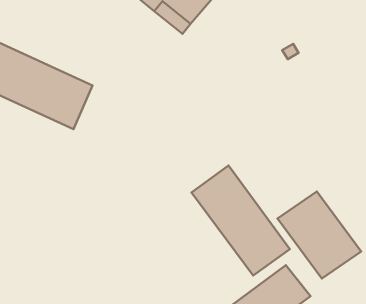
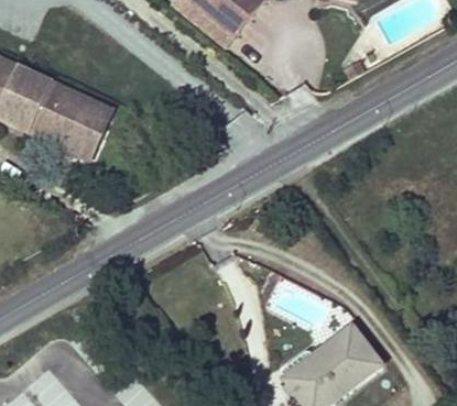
building: [192,166,290,275] -> none
building: [277,191,361,279] -> none

